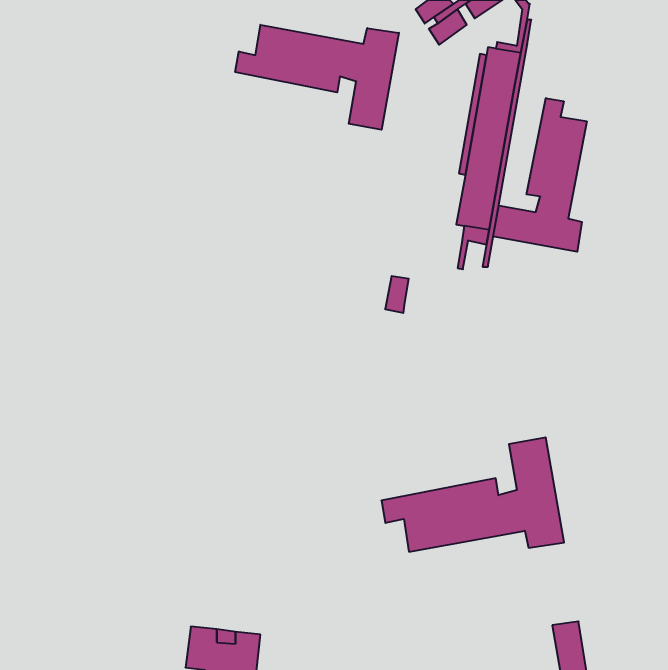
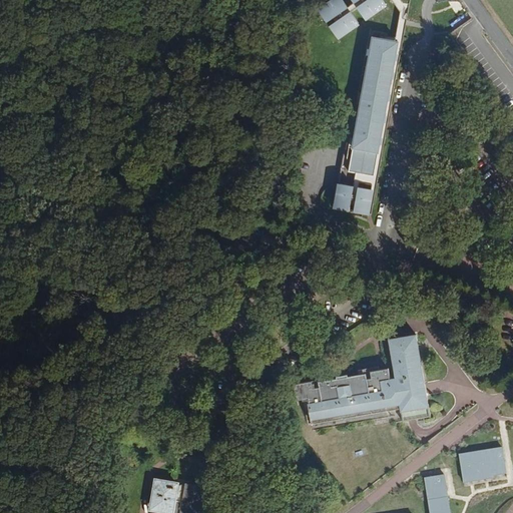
building: [235,25,399,130] -> none
building: [493,98,587,252] -> none
building: none -> [352,184,371,216]
building: [385,276,409,313] -> [334,185,352,213]
building: none -> [457,450,505,482]

